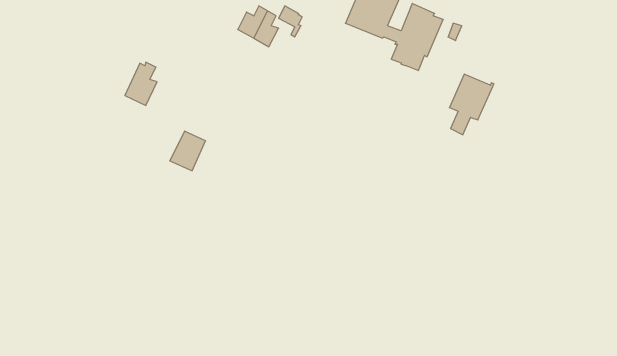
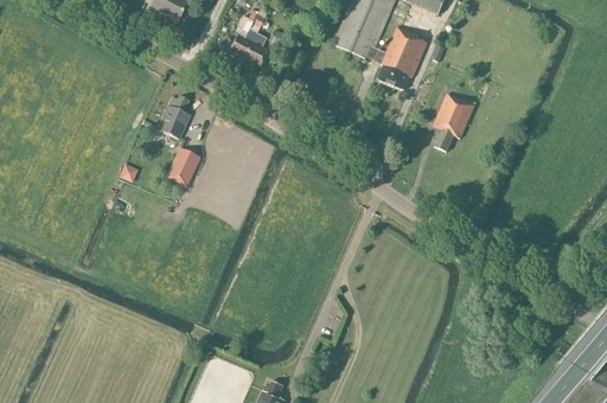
building: [125,62,157,105] -> [158,96,189,137]

